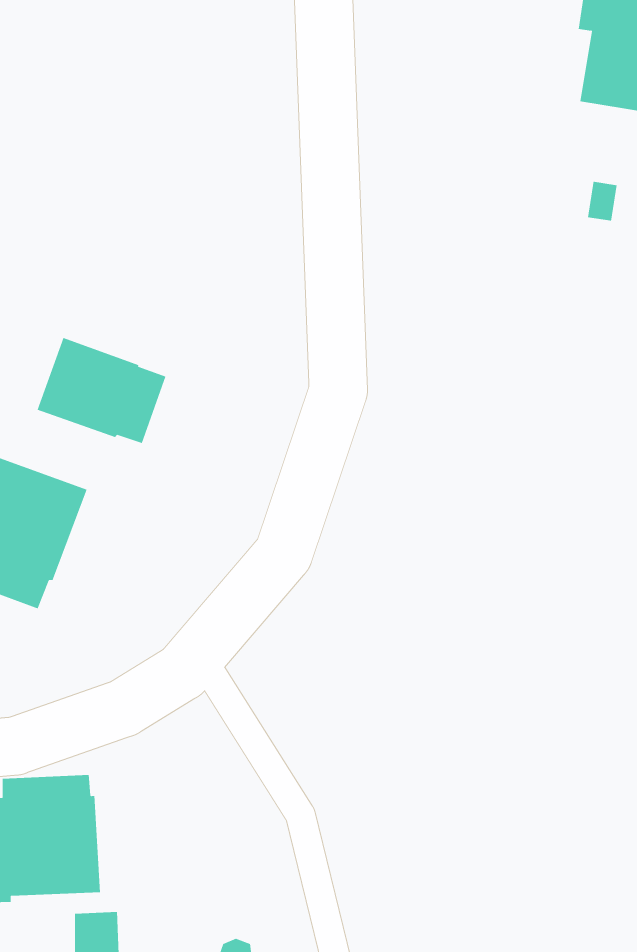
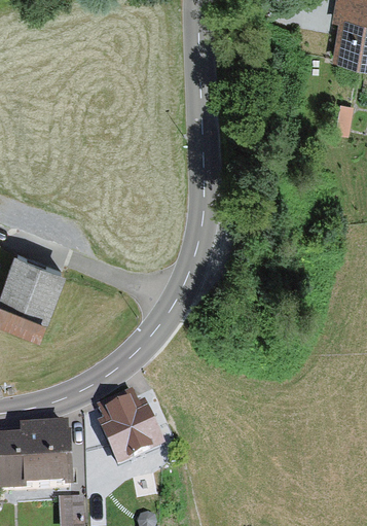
building: [37,337,166,444] -> none
building: none -> [96,387,166,465]

